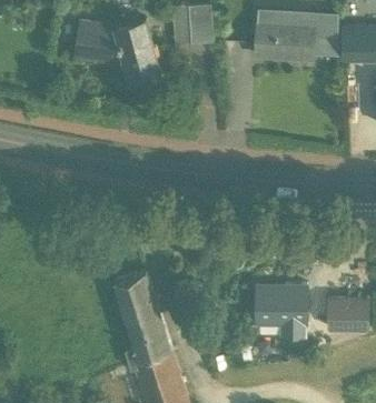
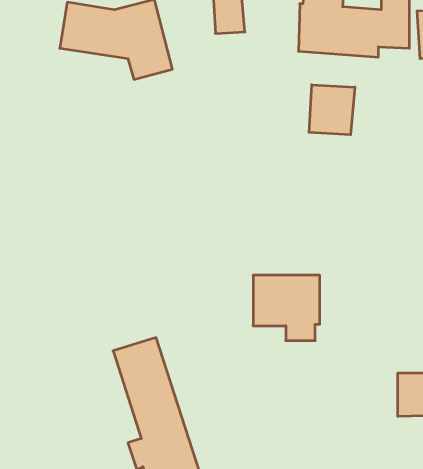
building: none -> [309,85,355,135]
building: [256,286,306,335] -> [253,275,320,341]

